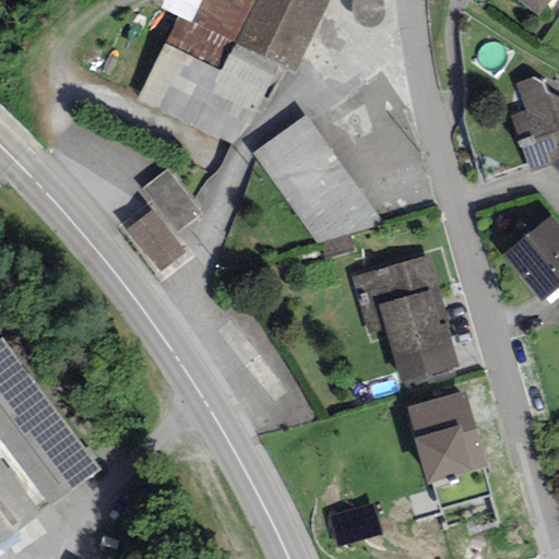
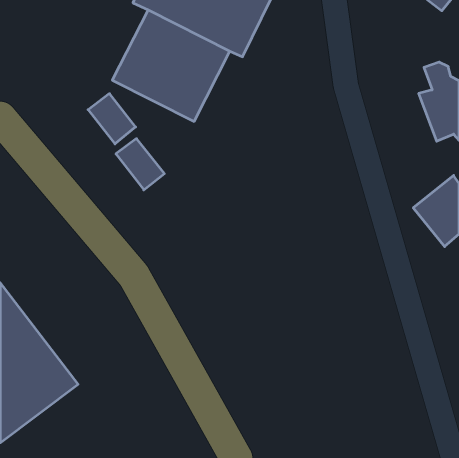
building: [253,118,381,240] -> none
building: [126,210,183,271] -> [88,94,136,144]
building: [352,253,460,380] -> none
building: [407,389,485,483] -> none

